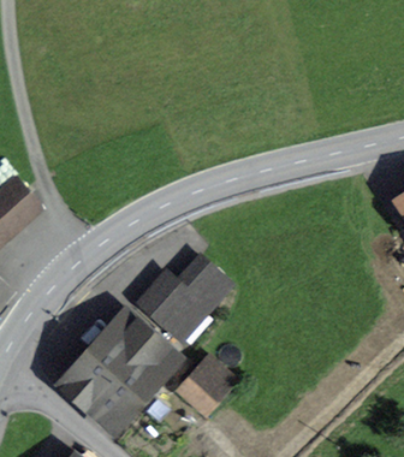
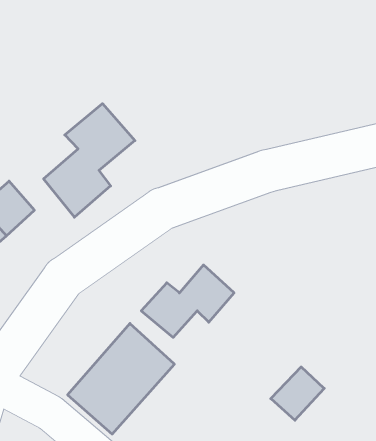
building: none -> [44,104,135,217]
building: [184,361,234,411] -> [271,367,324,420]

